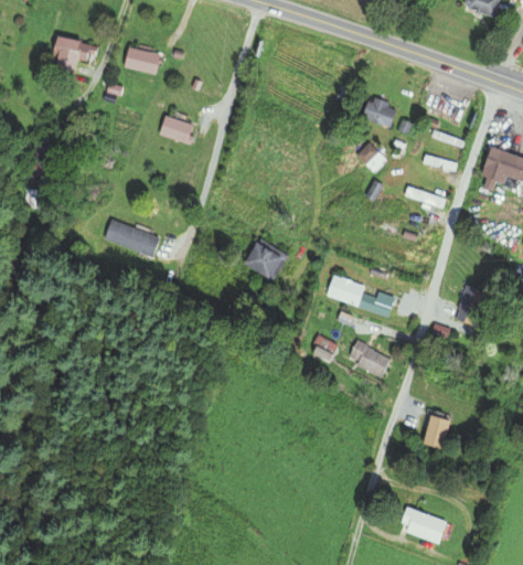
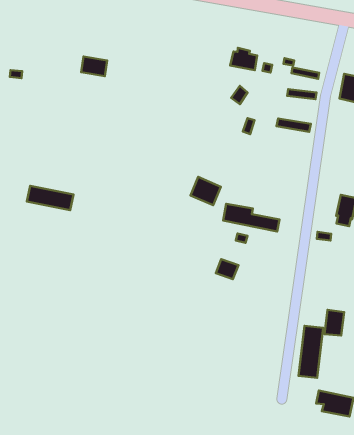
building: [124,46,159,73] -> none
building: [159,115,191,141] -> [81,57,107,76]
building: [245,241,281,276] -> [190,177,221,205]
building: [350,340,388,376] -> none
building: none -> [298,326,323,378]

